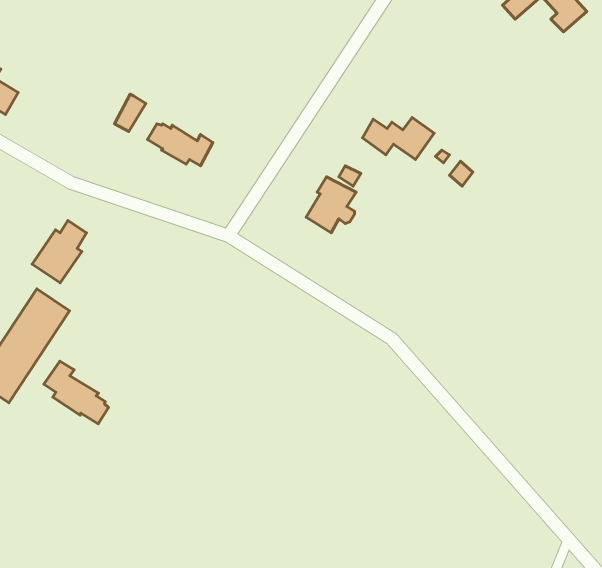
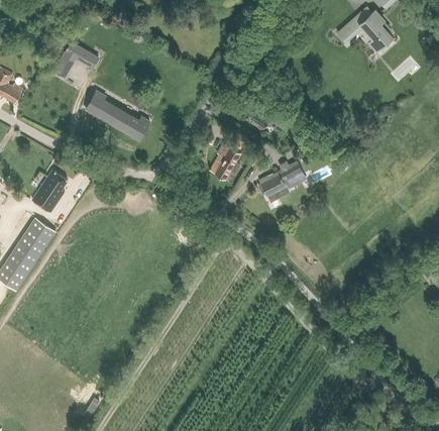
building: none -> [52,42,98,77]
building: none -> [257,161,303,199]
building: [44,361,108,424] -> none

